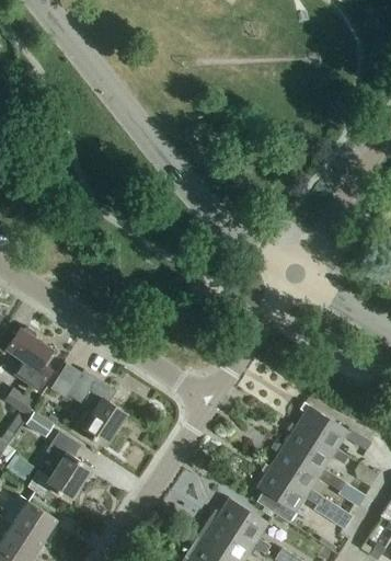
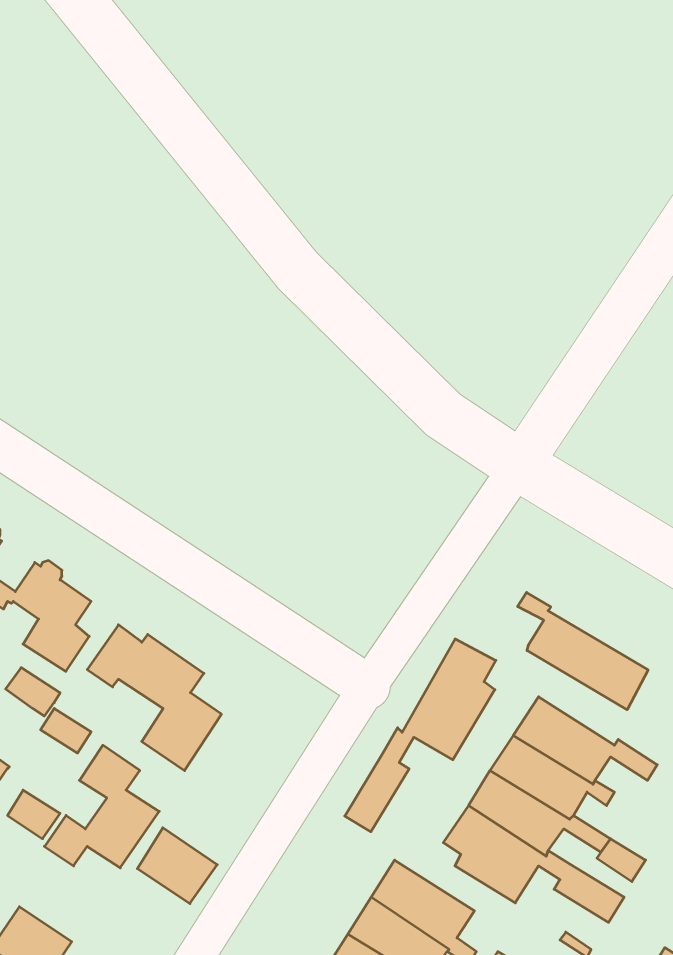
building: none -> [518,592,648,710]
building: none -> [345,639,496,832]
building: [12,500,57,542] -> [137,828,217,904]

